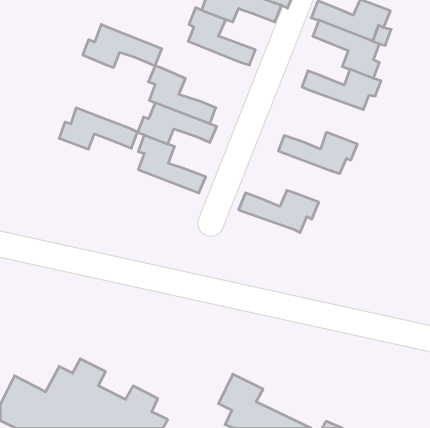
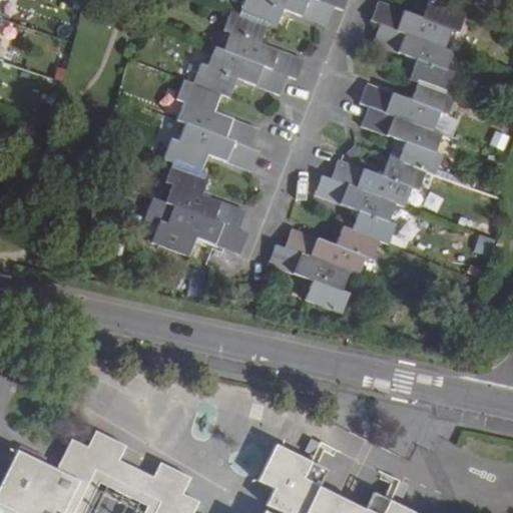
building: [83,24,162,67] -> [193,45,288,96]
building: none -> [362,107,443,174]
building: [59,108,137,149] -> [152,204,245,253]
building: none -> [315,175,396,242]
building: none -> [270,245,350,313]

